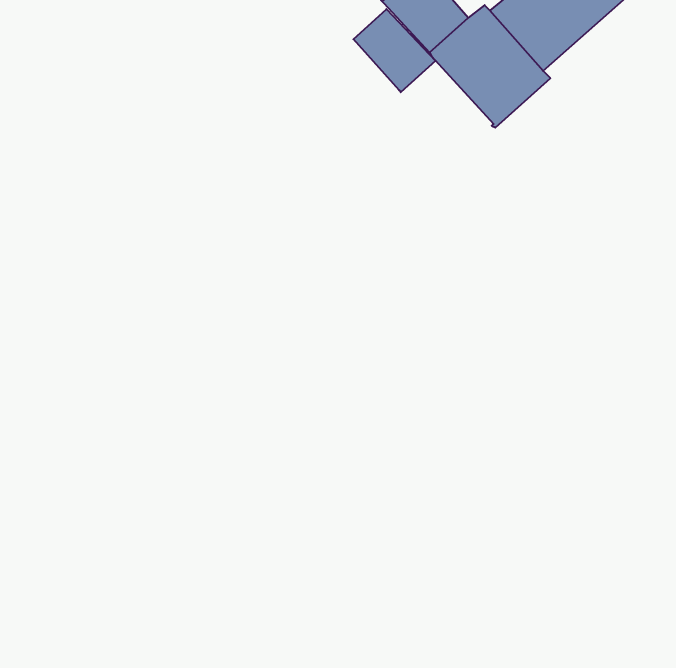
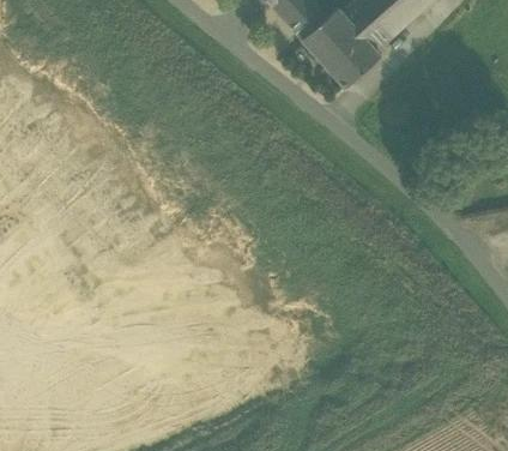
building: [353,9,436,92] -> none

